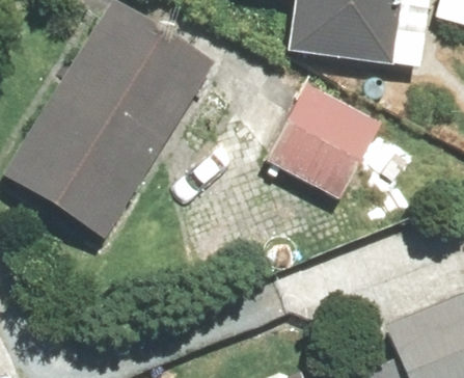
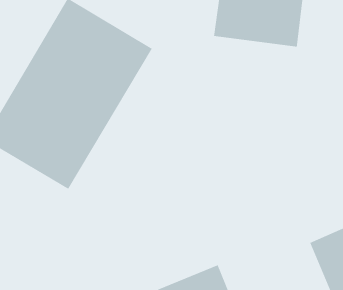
building: [278,88,430,205] -> none

